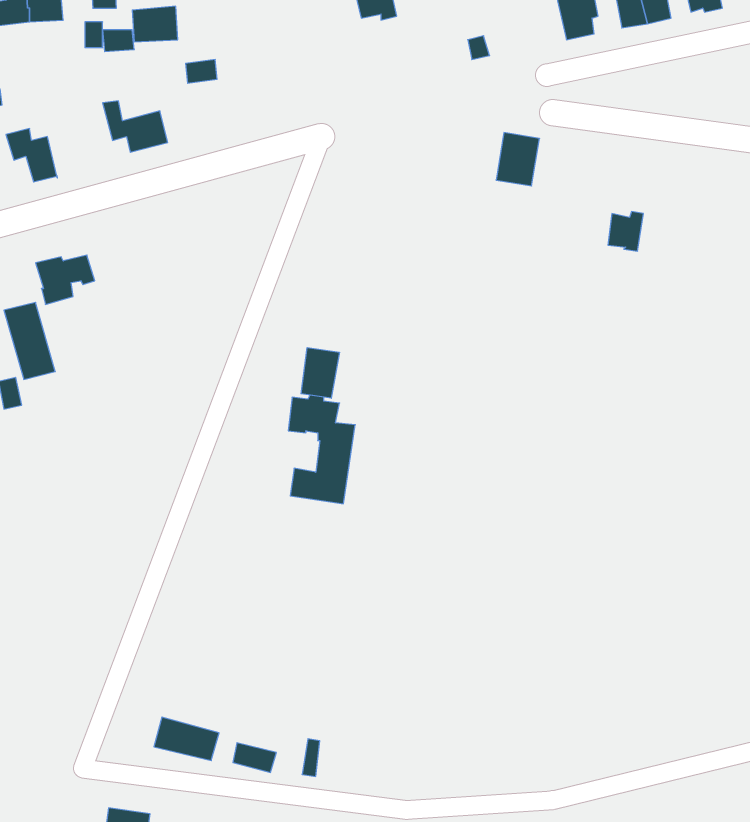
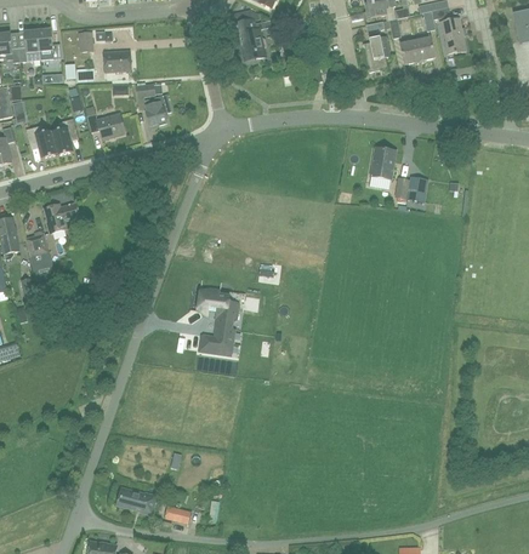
building: none -> [143,92,170,124]
building: none -> [50,116,76,154]
building: [496,133,540,186] -> [369,145,396,178]
building: [301,348,339,398] -> none

